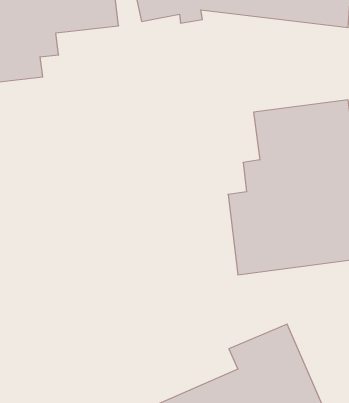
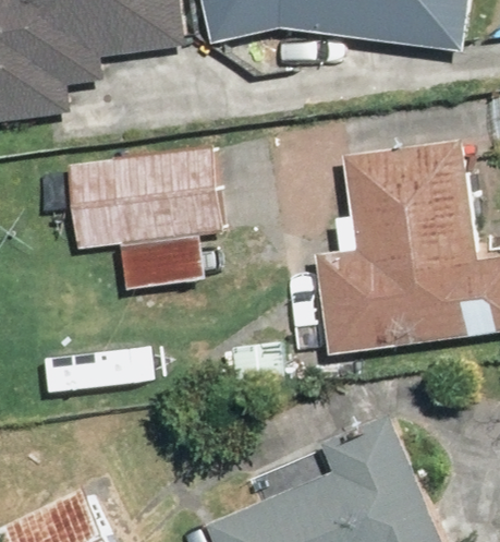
building: none -> [63,143,222,288]

